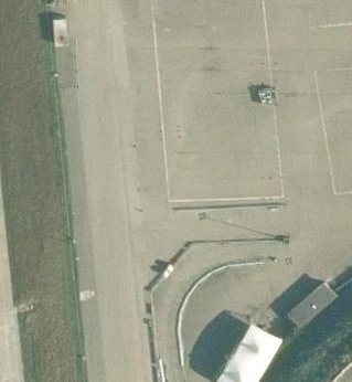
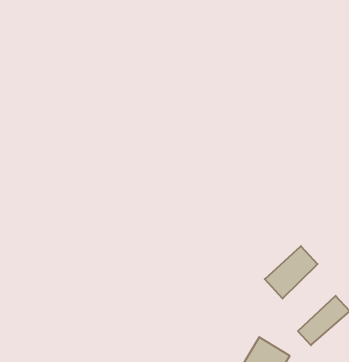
building: none -> [265,246,318,299]

